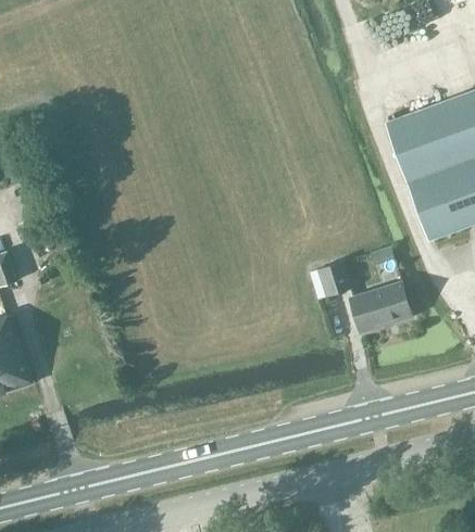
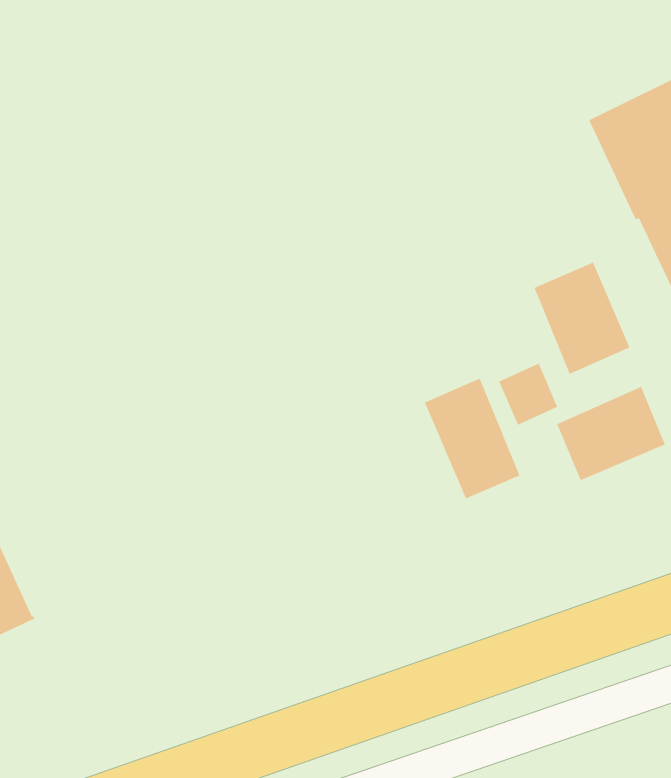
building: none -> [534,262,631,375]
building: none -> [424,377,521,499]

